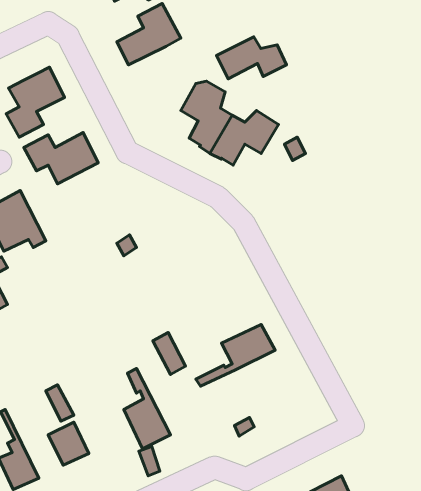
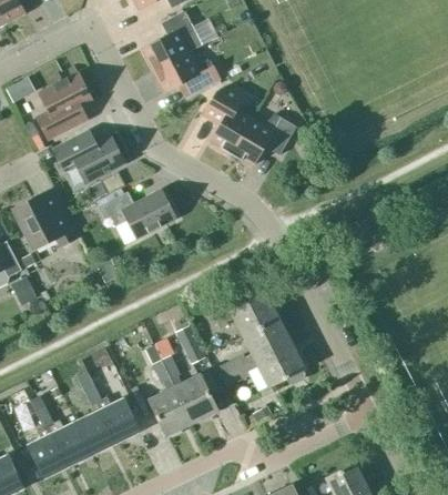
building: [217,37,286,79] -> [153,52,220,92]
building: none -> [98,189,175,244]
building: none -> [211,292,279,335]
building: none -> [222,342,306,386]
building: none -> [161,355,218,423]
building: none -> [35,396,91,464]
building: none -> [101,400,140,441]

